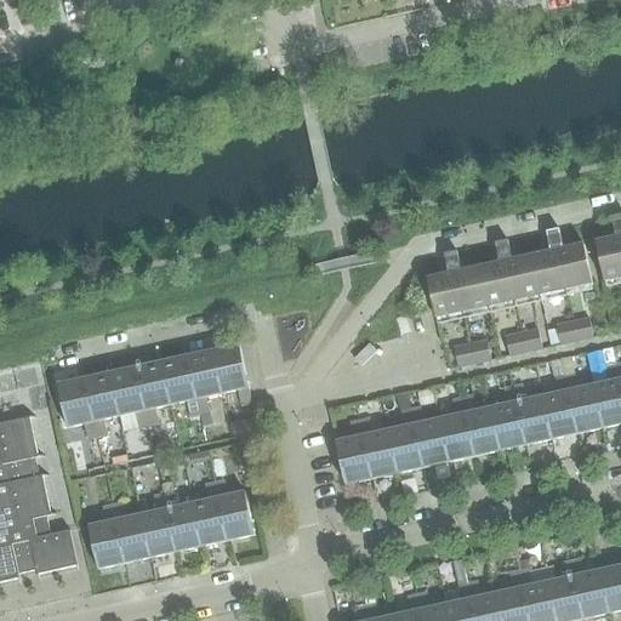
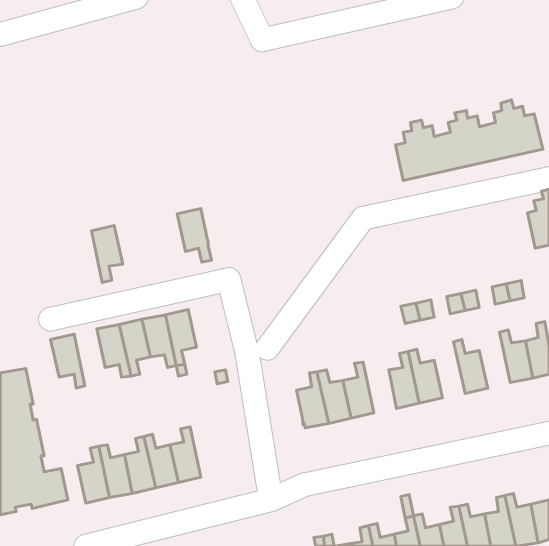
building: [427,227,593,318] -> [396,100,543,180]
building: [212,343,251,404] -> [177,208,211,262]
building: [84,371,119,435] -> [92,225,123,282]
building: [541,375,576,438] -> none
building: [490,386,525,449] -> none
building: [410,406,448,466] -> none
building: [215,479,253,539] -> none

